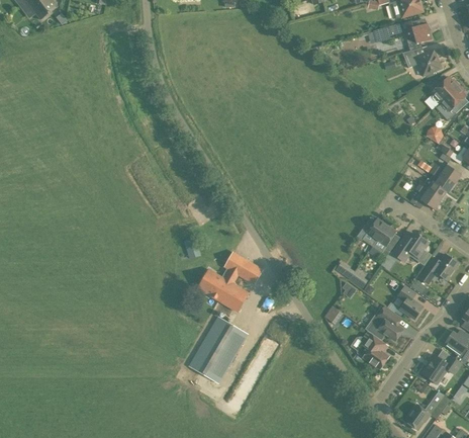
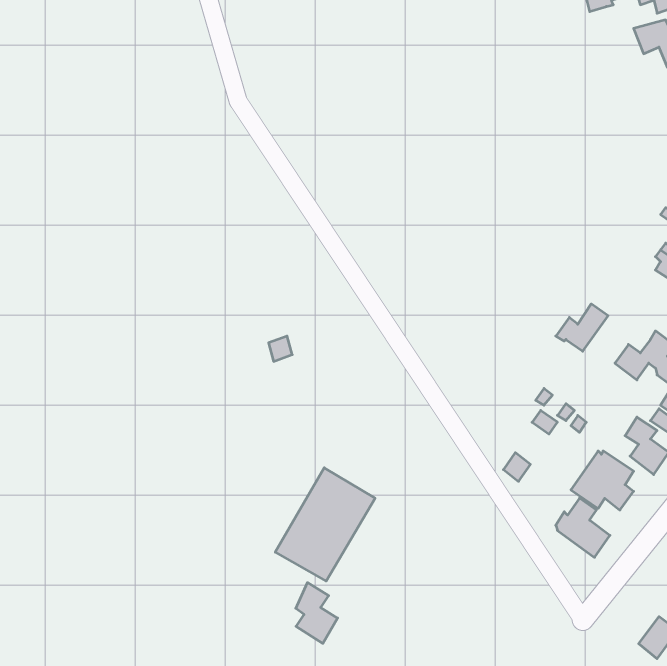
building: [372,224,396,255] -> none
building: [197,249,265,312] -> none
building: none -> [296,583,338,643]

